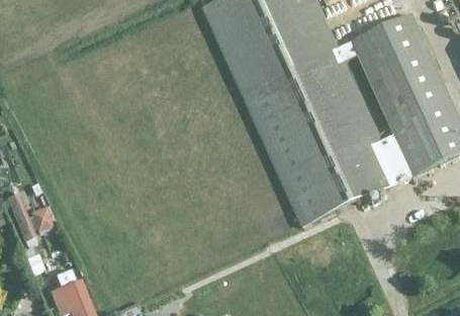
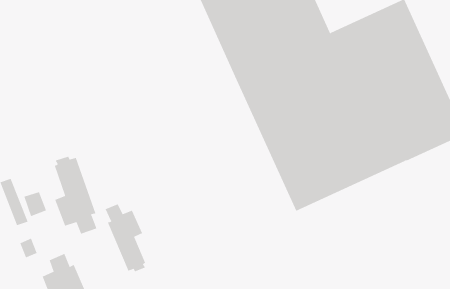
building: none -> [54,156,97,235]
building: none -> [105,203,146,272]

